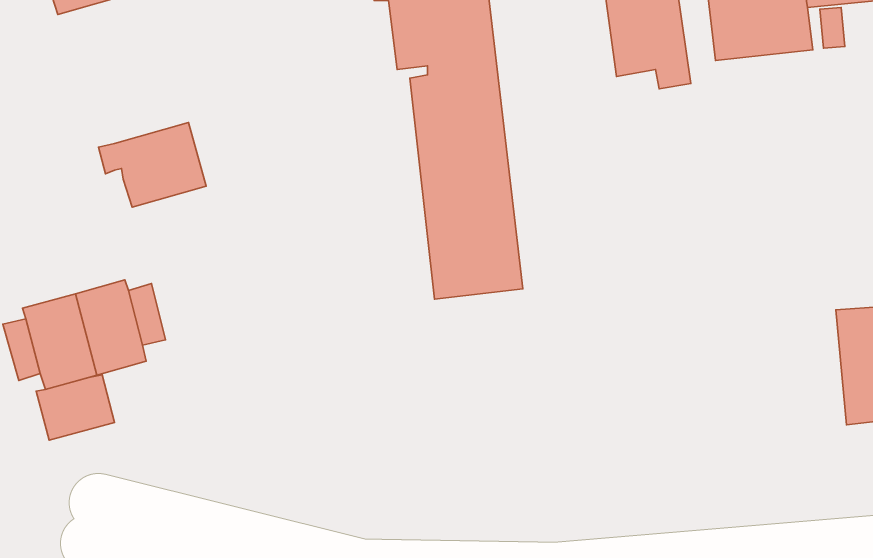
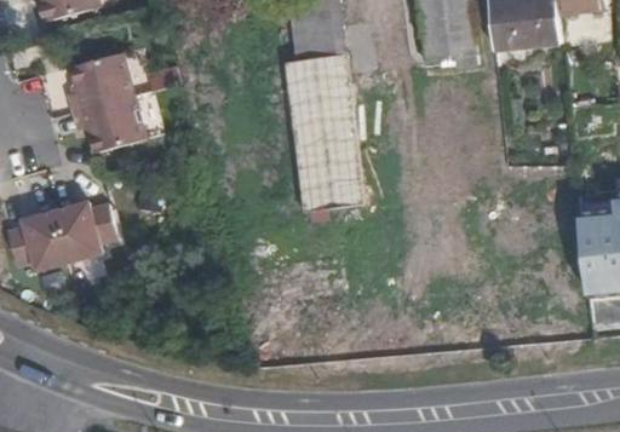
building: none -> [68,47,134,108]
building: [36,375,114,440] -> none

